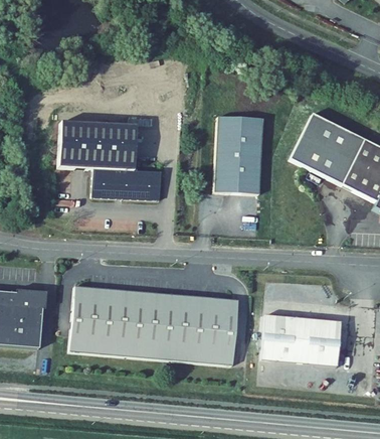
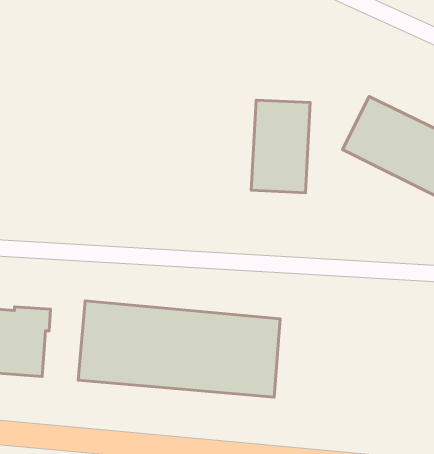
building: [59,121,162,199] -> none
building: [261,314,341,367] -> none

